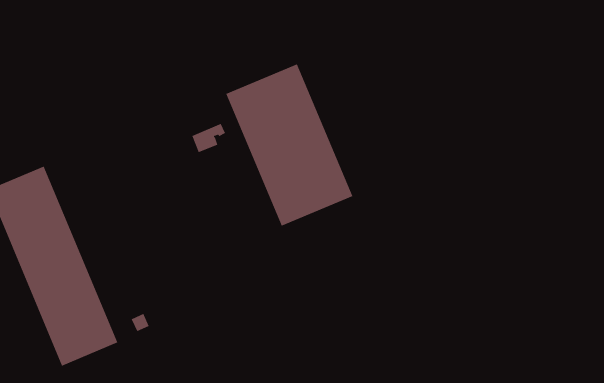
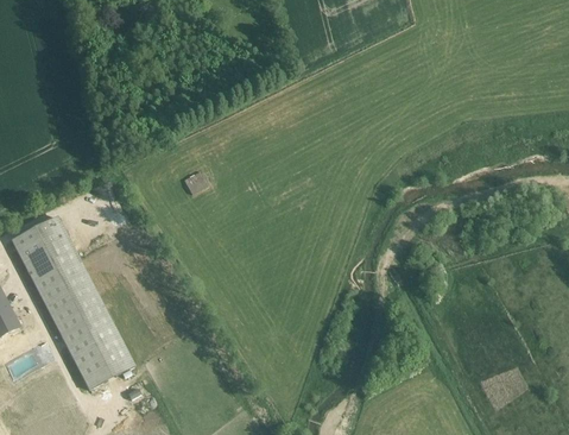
building: [225,63,353,226] -> none

